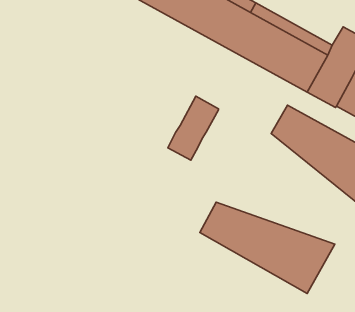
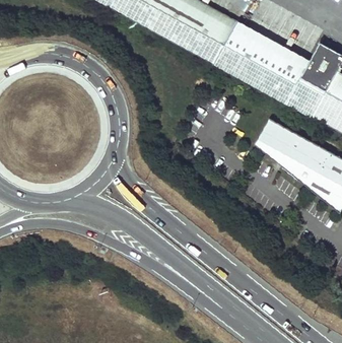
building: [168,96,219,160] -> none
building: [200,202,335,293] -> none

